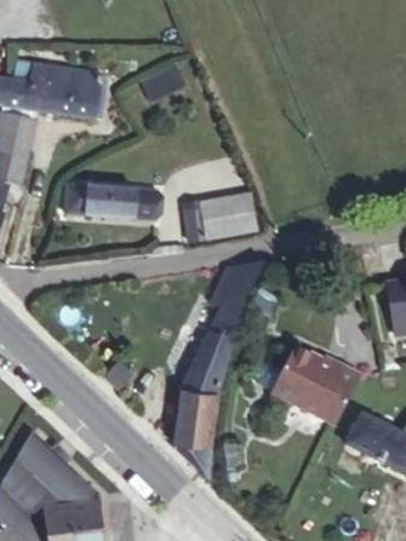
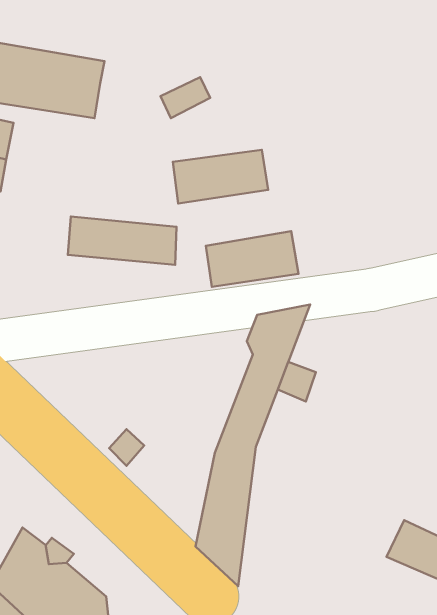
building: none -> [173,150,268,204]
building: [255,344,358,420] -> none

